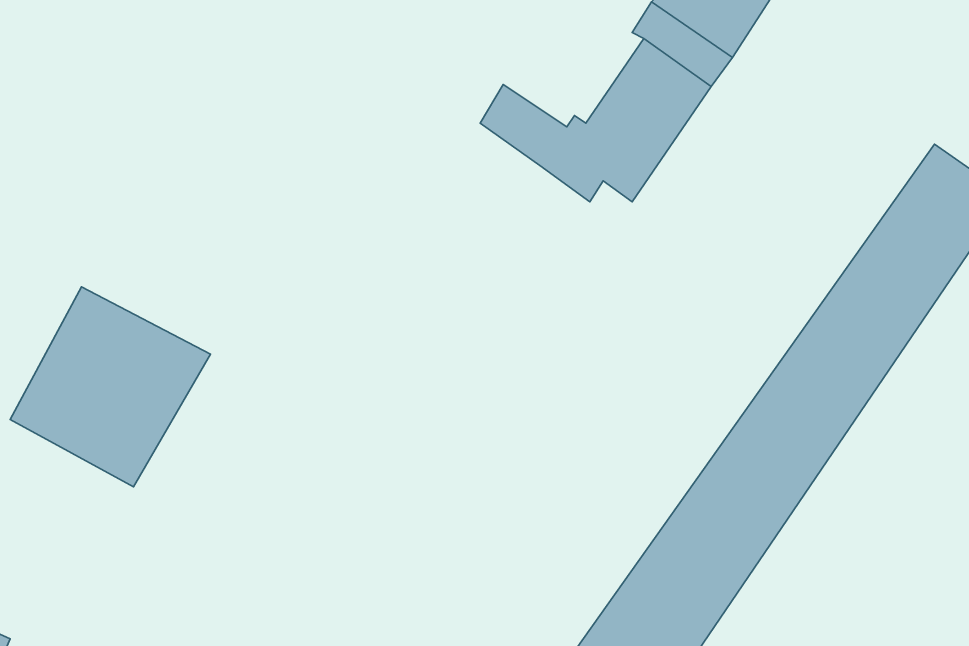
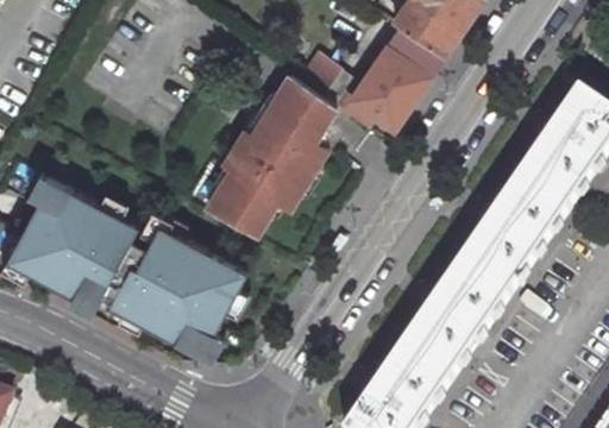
building: none -> [207,70,337,234]
building: none -> [86,220,250,355]

